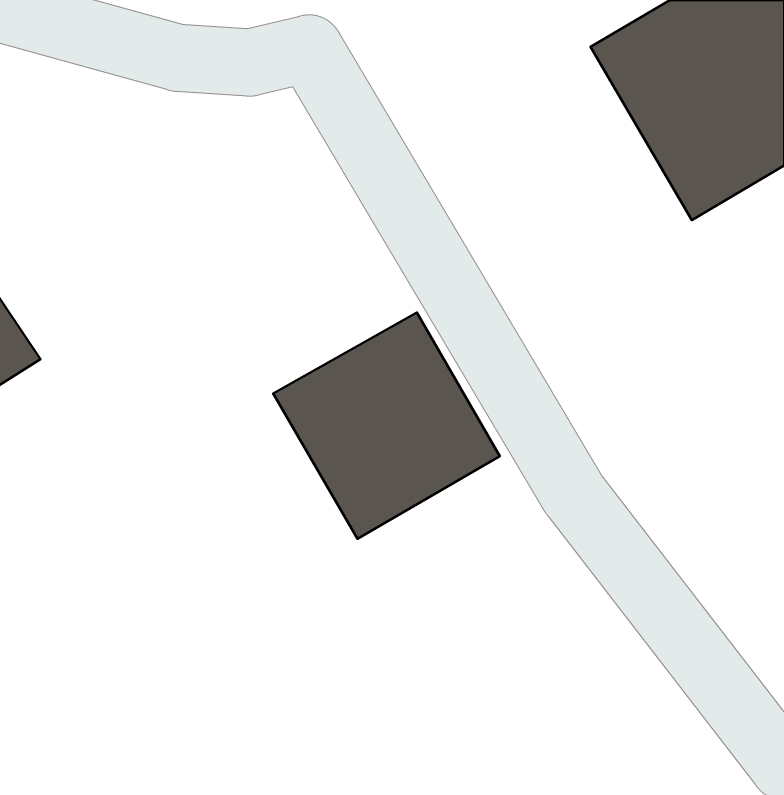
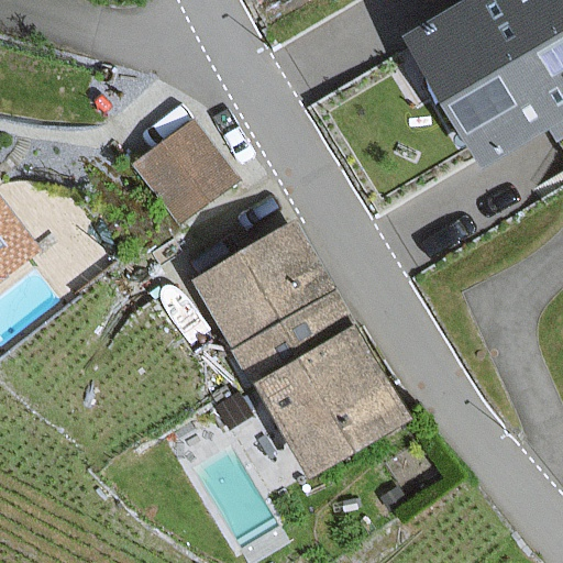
building: none -> [131,122,232,223]
building: none -> [257,321,410,472]

